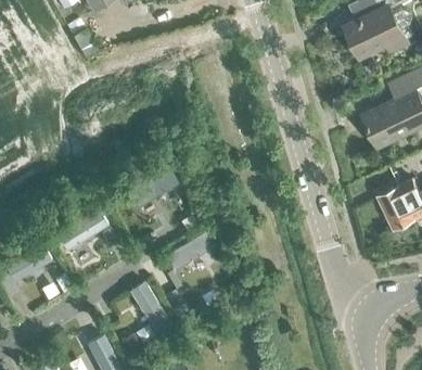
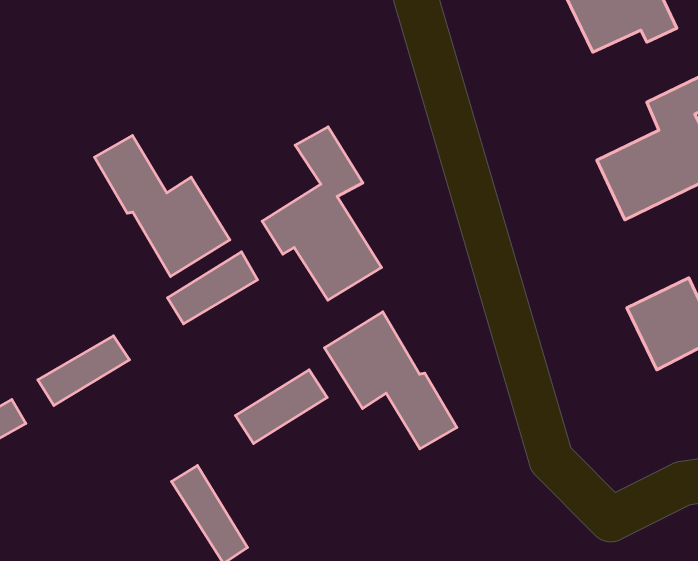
building: none -> [262,127,382,300]
building: none -> [95,136,230,277]
building: none -> [325,312,457,449]

